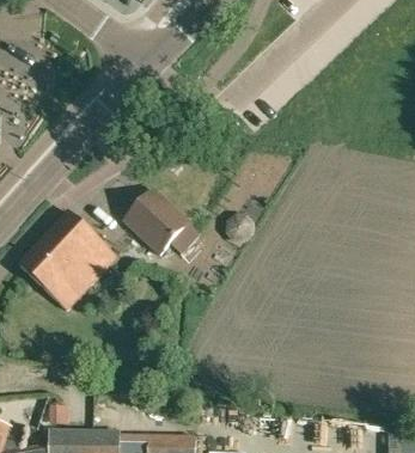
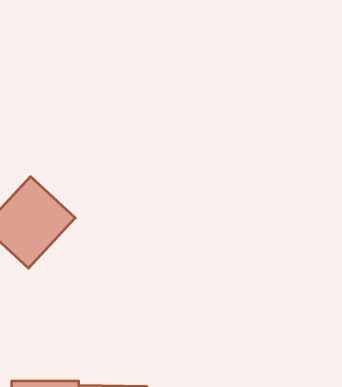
building: [124,188,200,251] -> none

